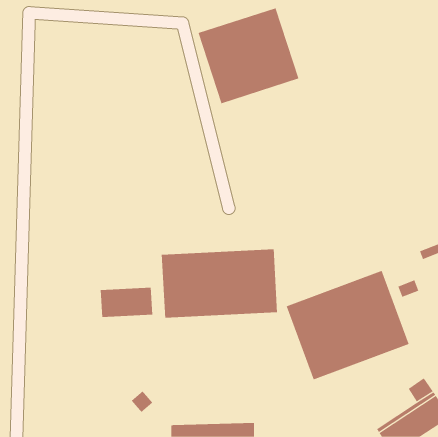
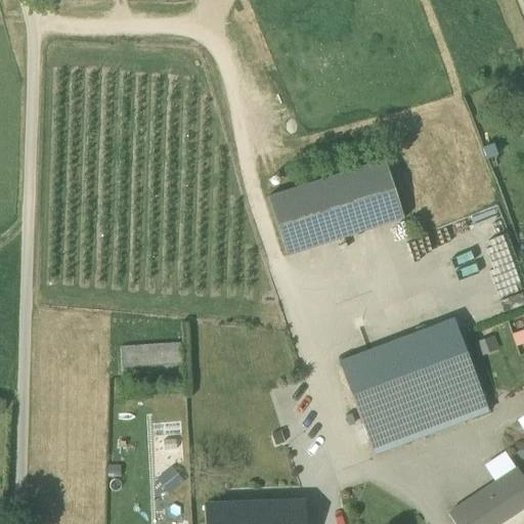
building: [198,7,299,104] -> none
building: none -> [269,158,405,254]
building: [161,249,278,318] -> none

